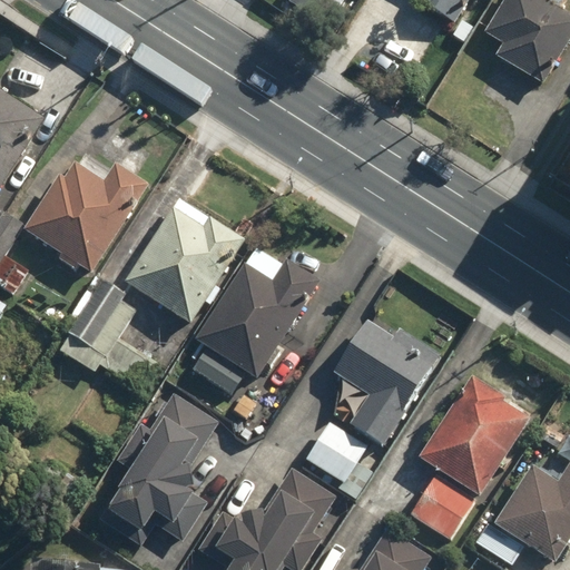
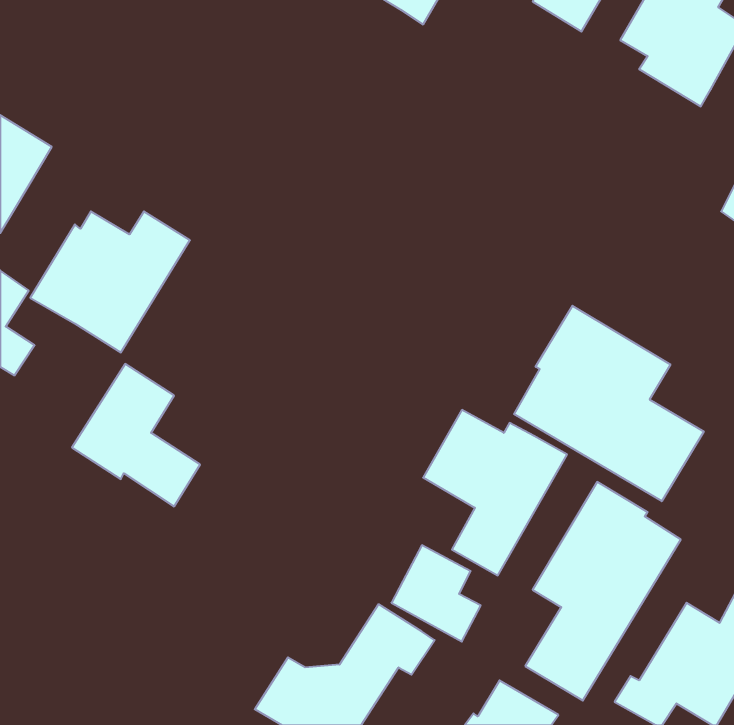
building: [122,197,242,326] -> none
building: none -> [514,306,704,501]
building: [193,245,318,381] -> none
building: [104,391,217,530] -> none

